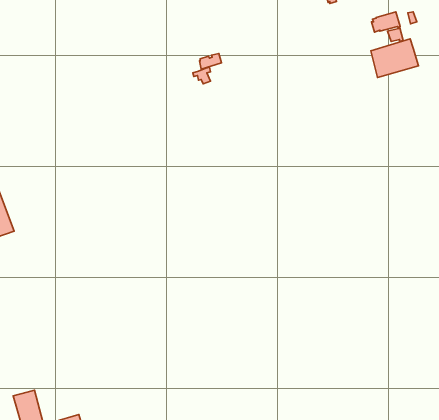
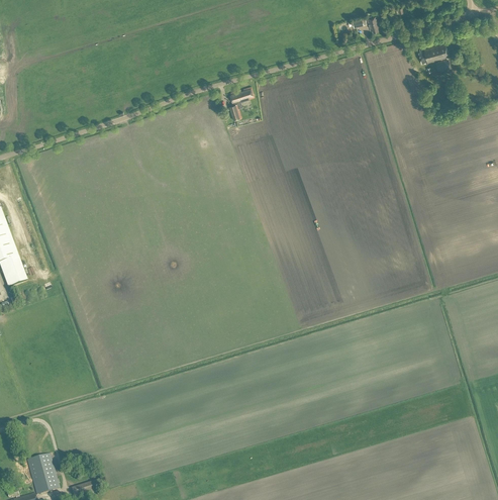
building: [371,39,418,77] -> none

